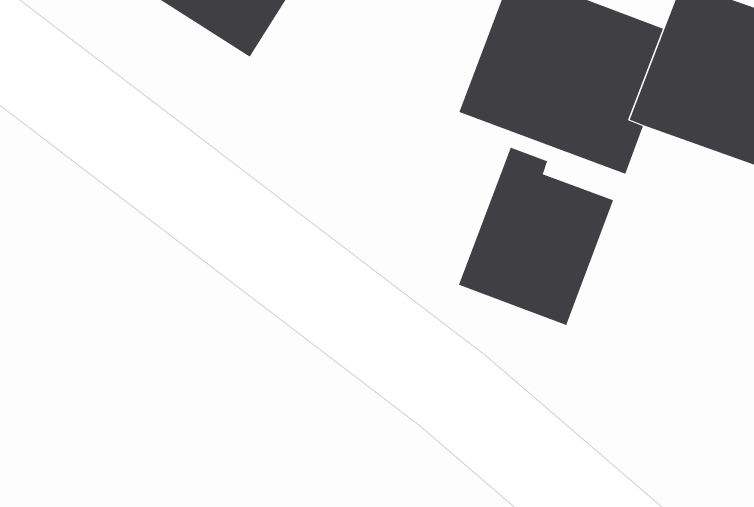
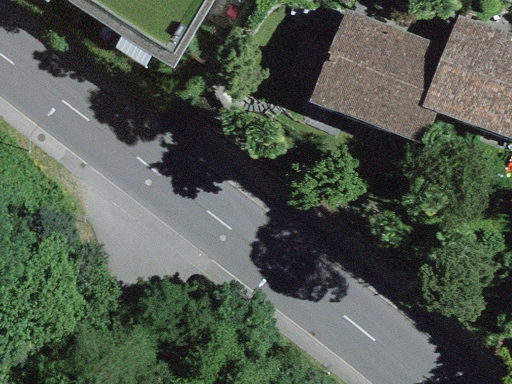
building: [458,147,614,326] -> none

